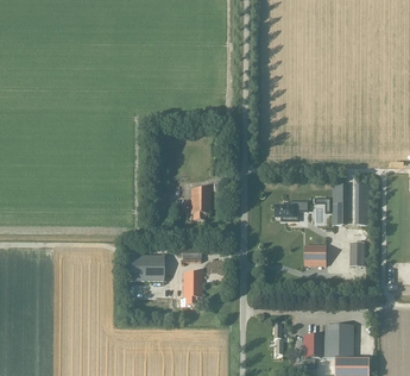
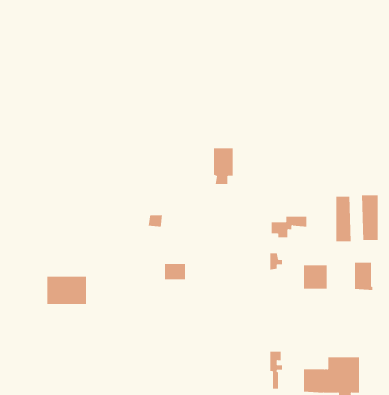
building: [191,188,209,220] -> [213,148,234,184]
building: [127,256,163,281] -> [46,276,87,305]
building: [183,272,202,305] -> none

